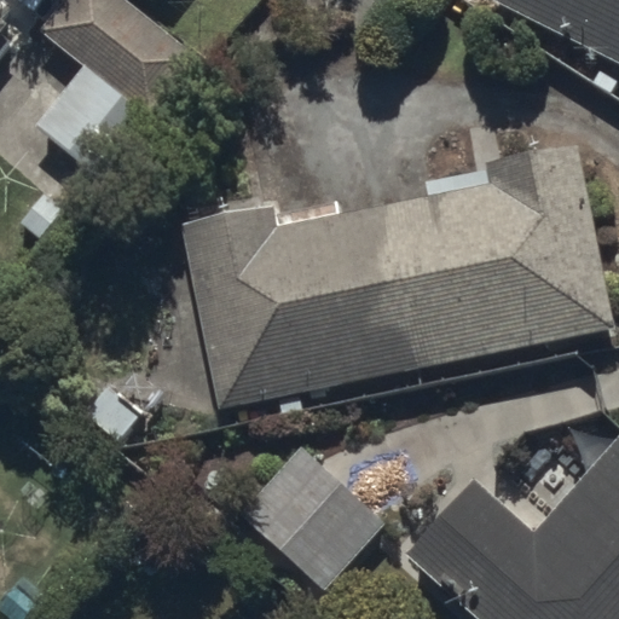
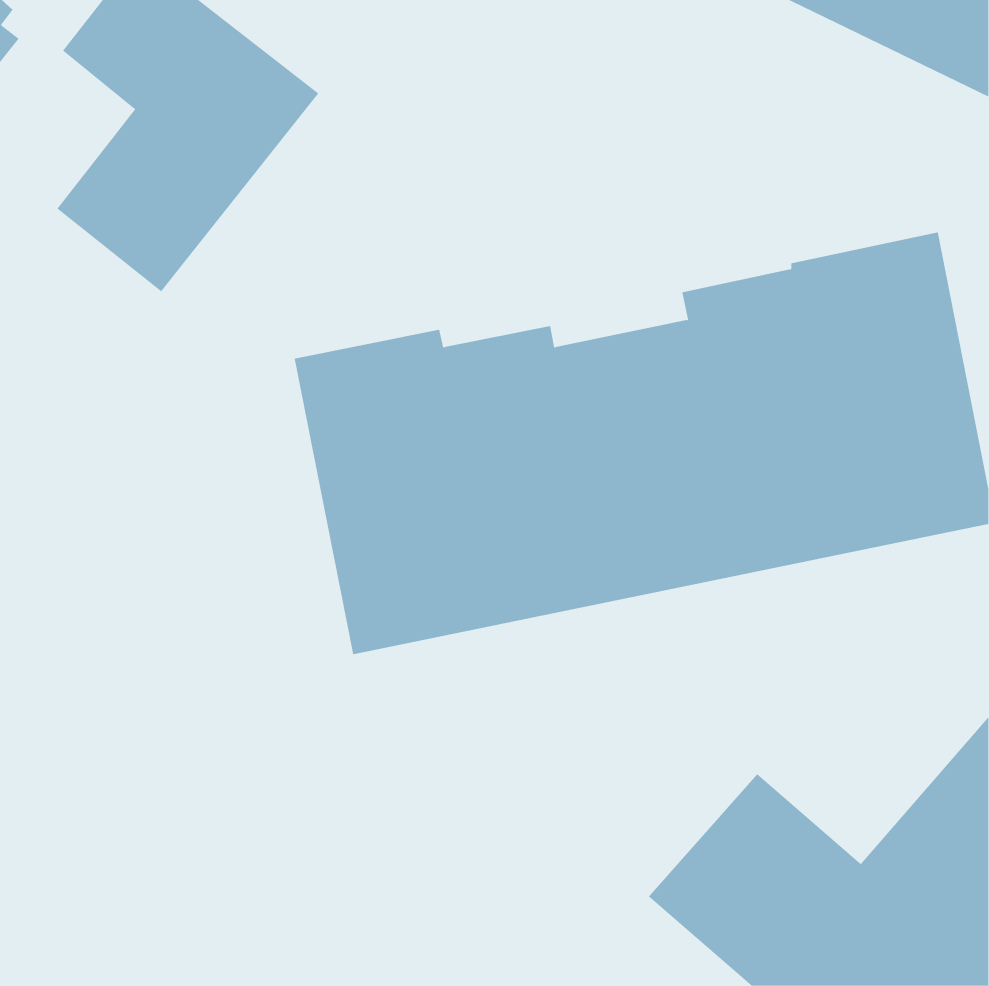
building: [237,447,386,594] -> none

